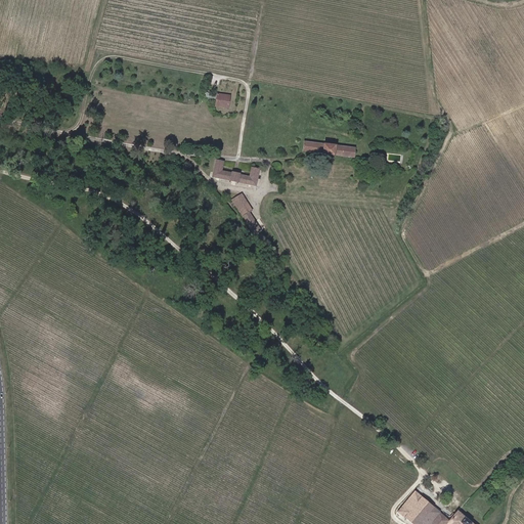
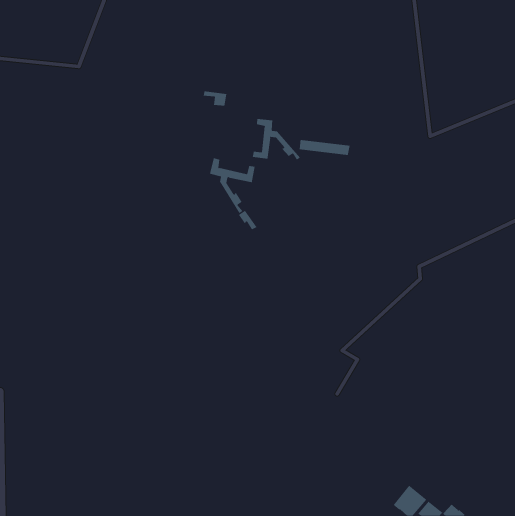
building: none -> [252,118,301,160]

